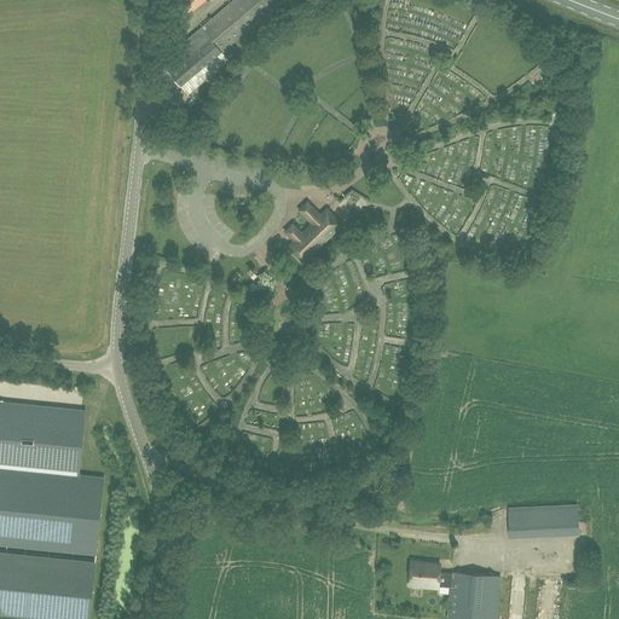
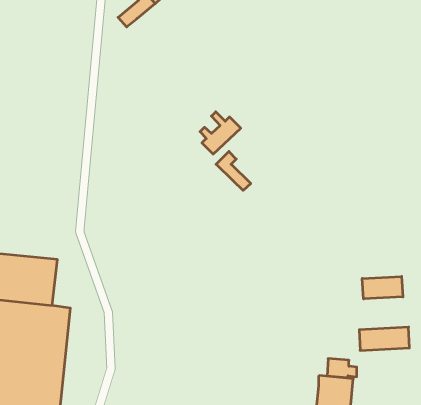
building: none -> [216,151,251,190]
building: none -> [362,276,403,299]
building: [409,561,450,588] -> [327,359,357,378]

